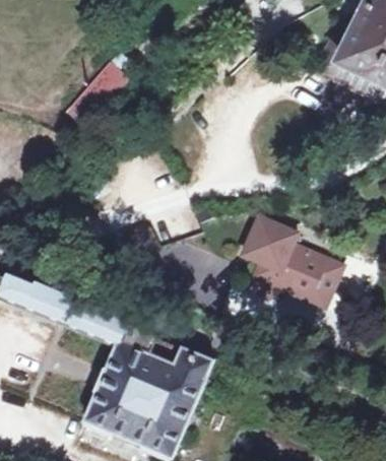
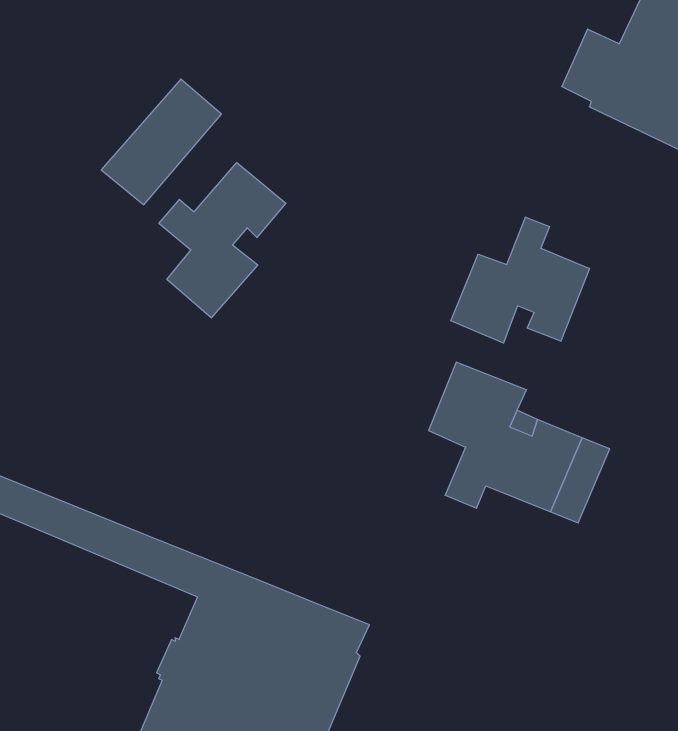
building: none -> [159,163,286,318]
building: none -> [451,217,589,343]

